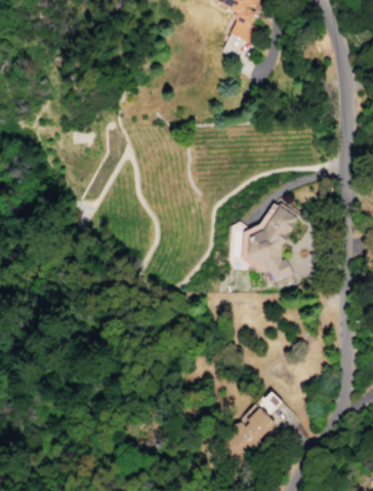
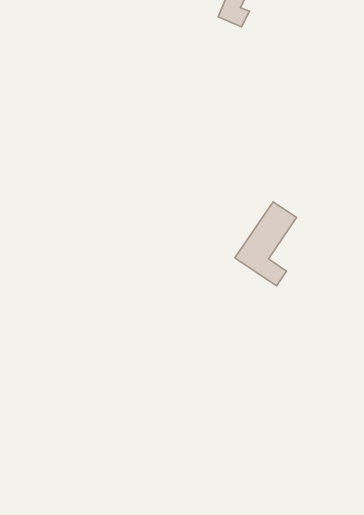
building: [233,391,280,453] -> none

